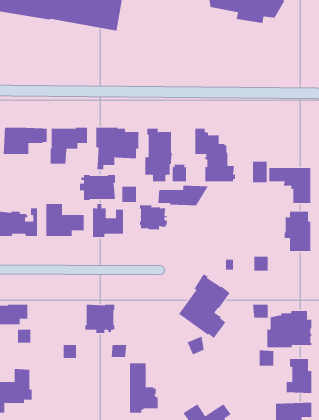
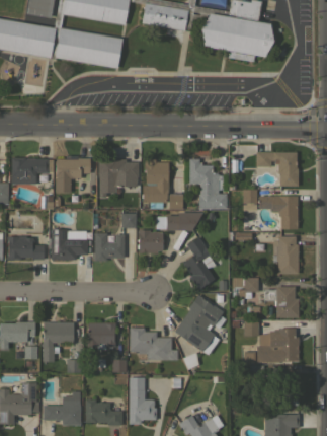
building: none -> [257,152,299,187]
building: [79,174,115,201] -> none
building: none -> [183,236,217,291]
building: none -> [265,287,300,320]
building: none -> [44,322,74,361]
building: none -> [131,328,178,360]
building: none -> [44,391,82,425]
building: none -> [86,399,124,426]

